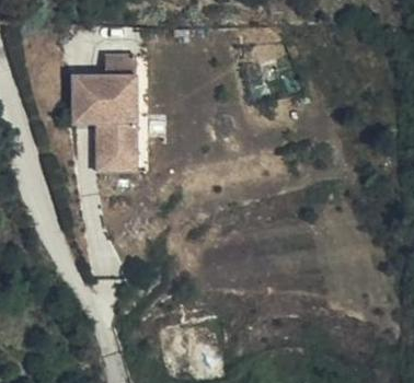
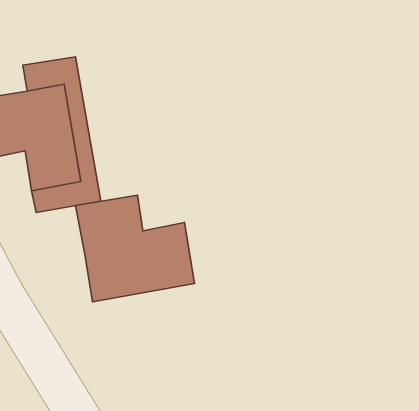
building: none -> [76,195,195,302]

